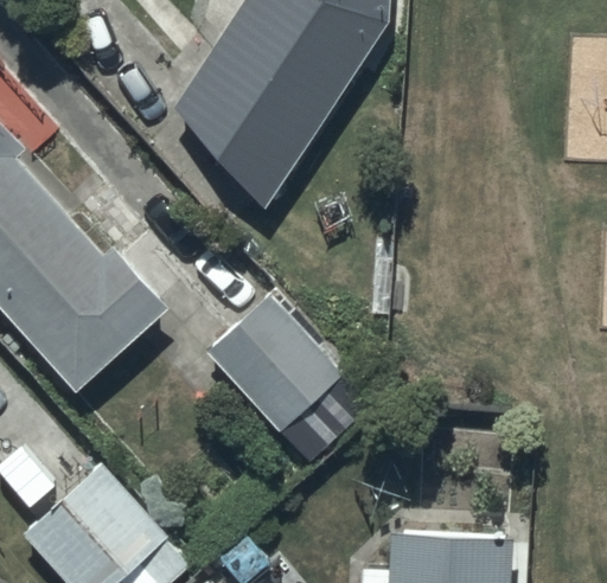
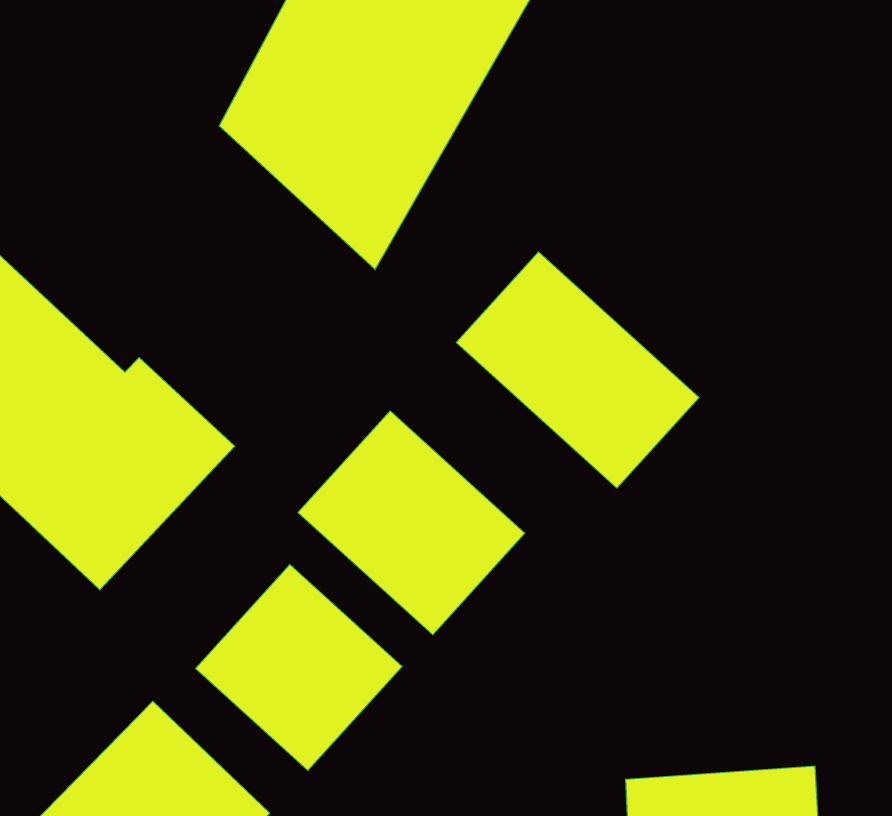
building: none -> [456,252,699,488]
building: none -> [196,565,402,770]

